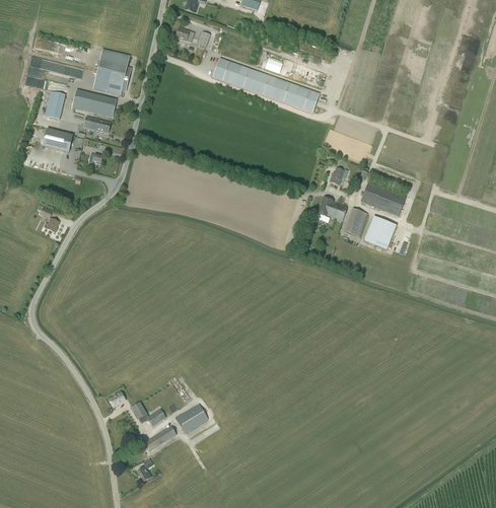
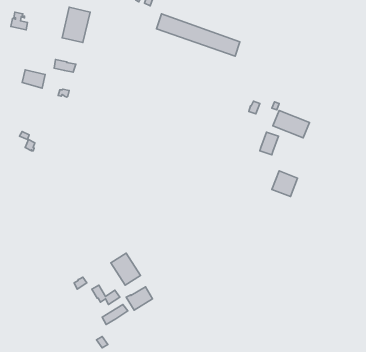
building: [45,90,65,119] -> none
building: [72,90,116,117] -> none
building: [315,197,347,223] -> none
building: [364,216,397,248] -> [272,171,298,197]
building: none -> [111,253,140,285]

